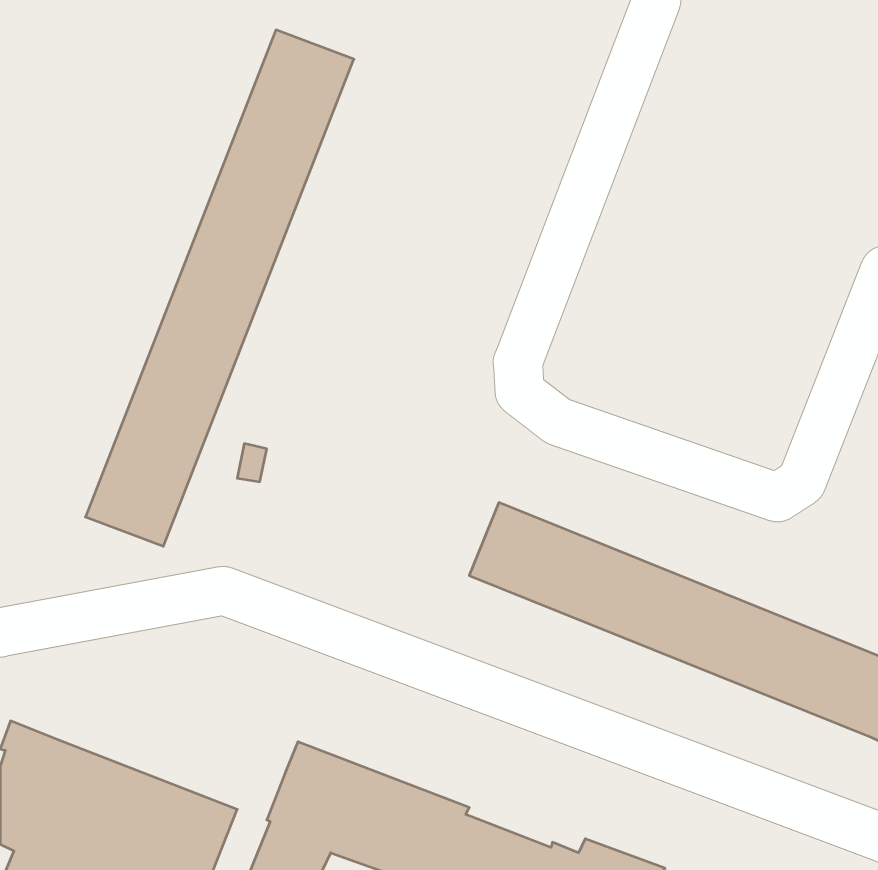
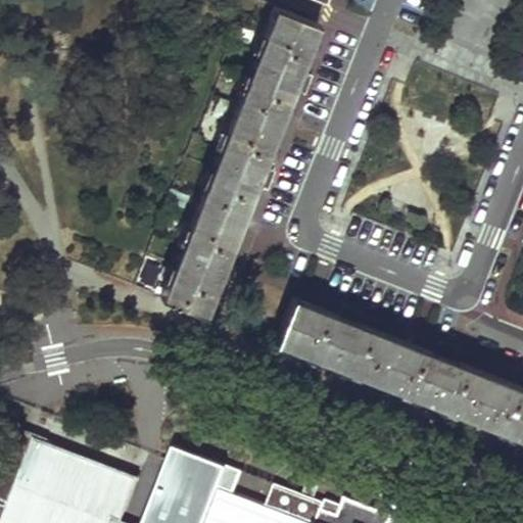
building: [85,30,354,546] -> [163,16,322,321]

